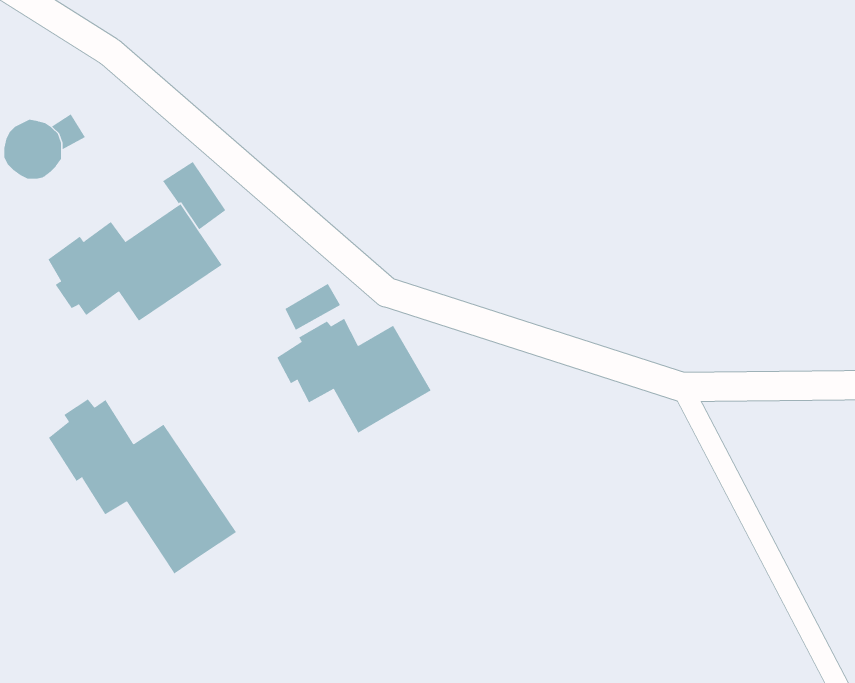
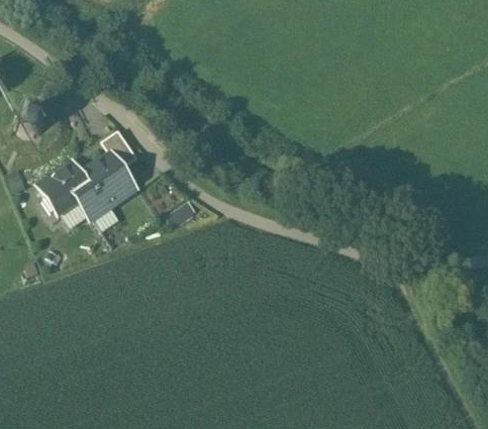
building: [277,318,432,434] -> none
building: [48,399,237,575] -> none

